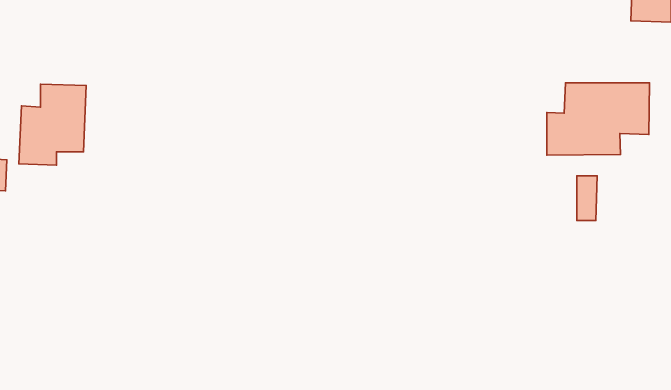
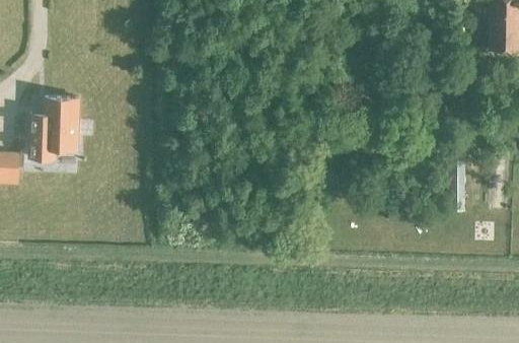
building: [547,83,650,155] -> none

